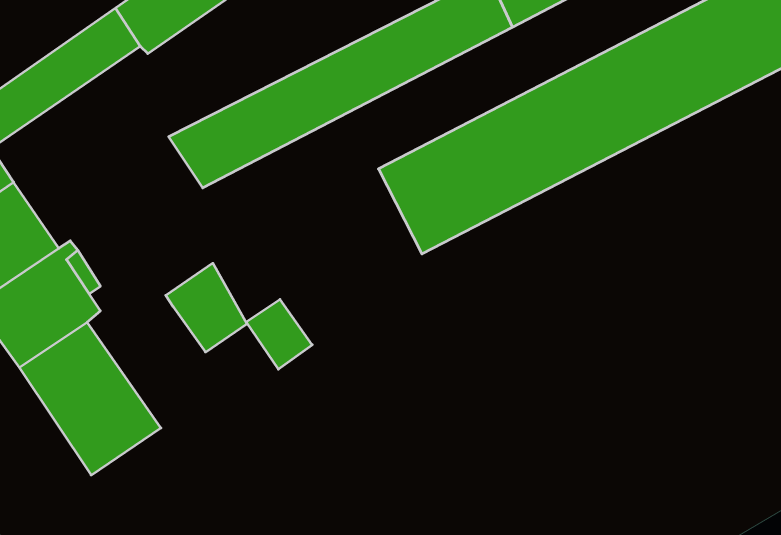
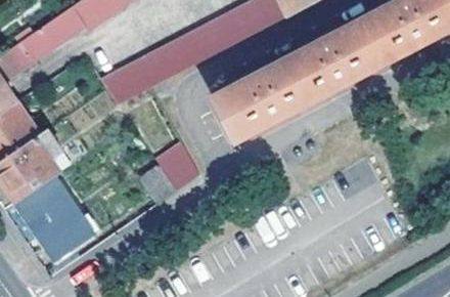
building: [166,263,247,352] -> [155,141,199,189]

